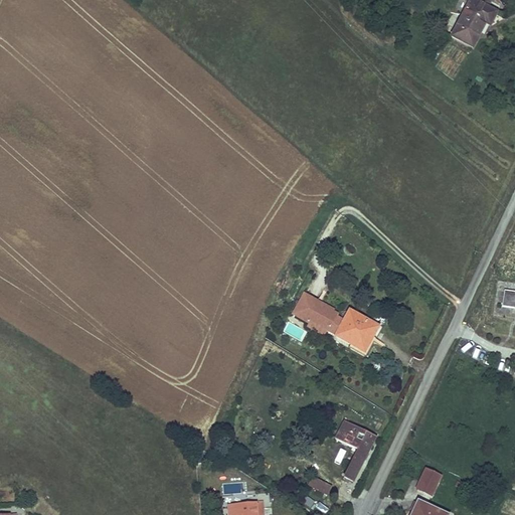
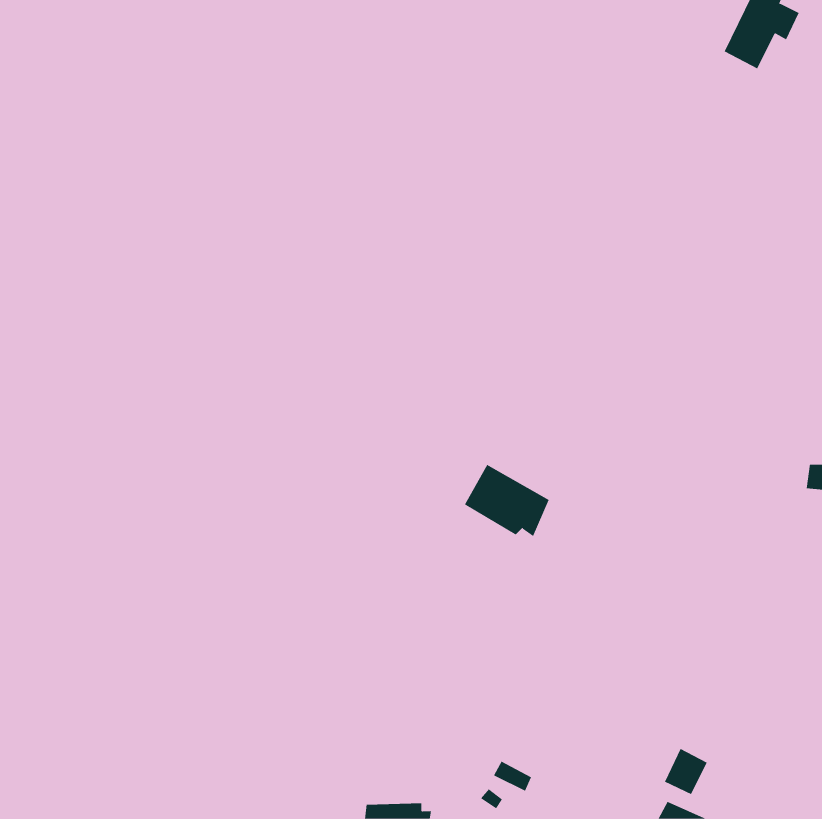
building: [339,311,379,351] -> none
building: [336,420,376,482] -> none

